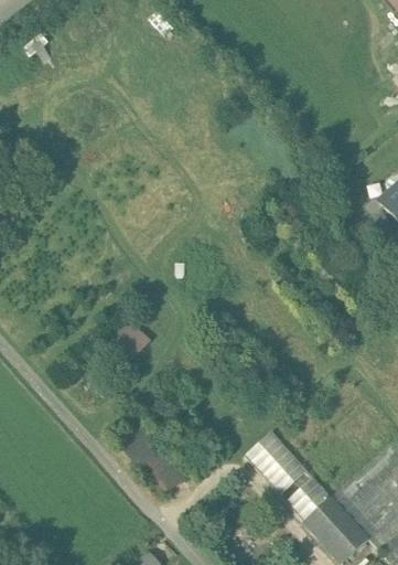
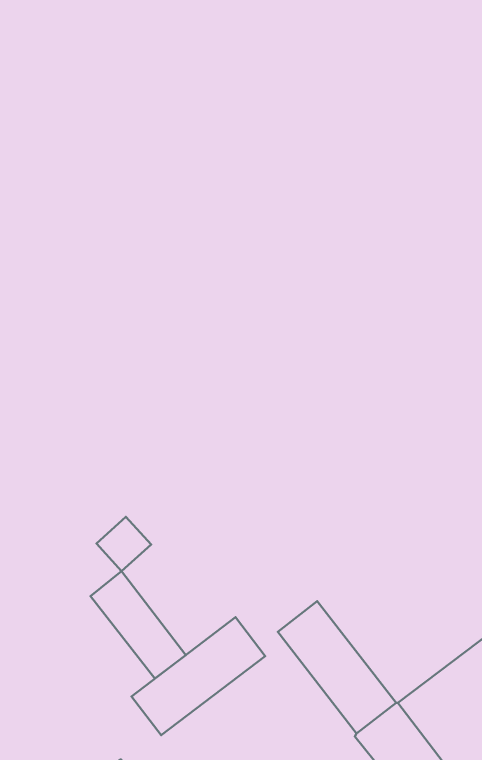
building: [114,319,151,356] -> [96,517,151,571]
building: none -> [131,617,265,735]

